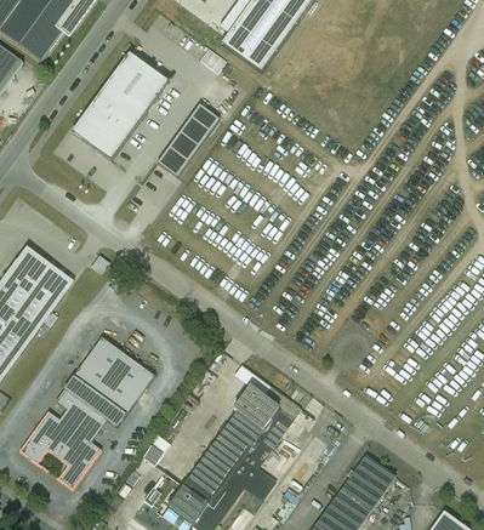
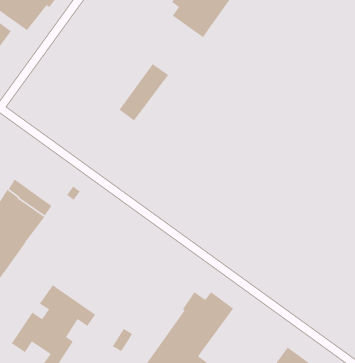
building: [72,51,169,159] -> none
building: [75,340,154,414] -> none

